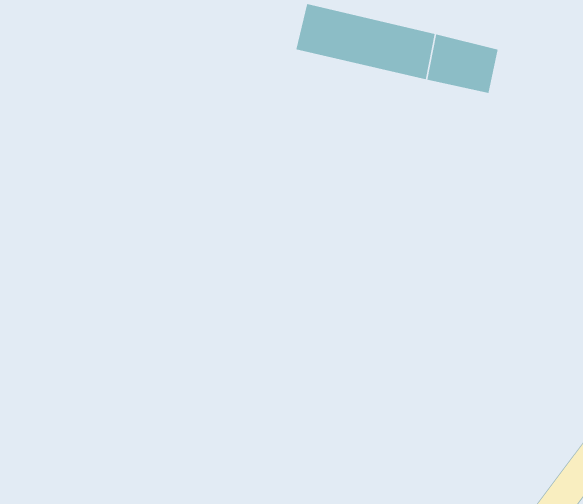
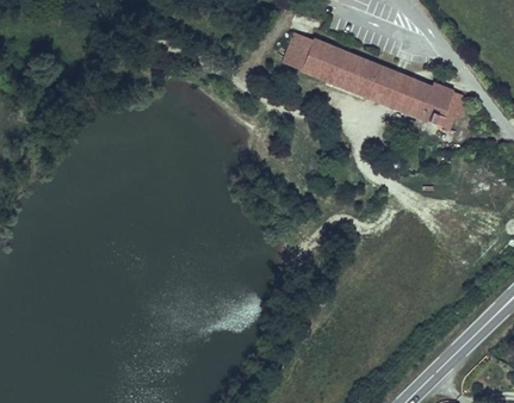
building: none -> [408,82,464,130]

